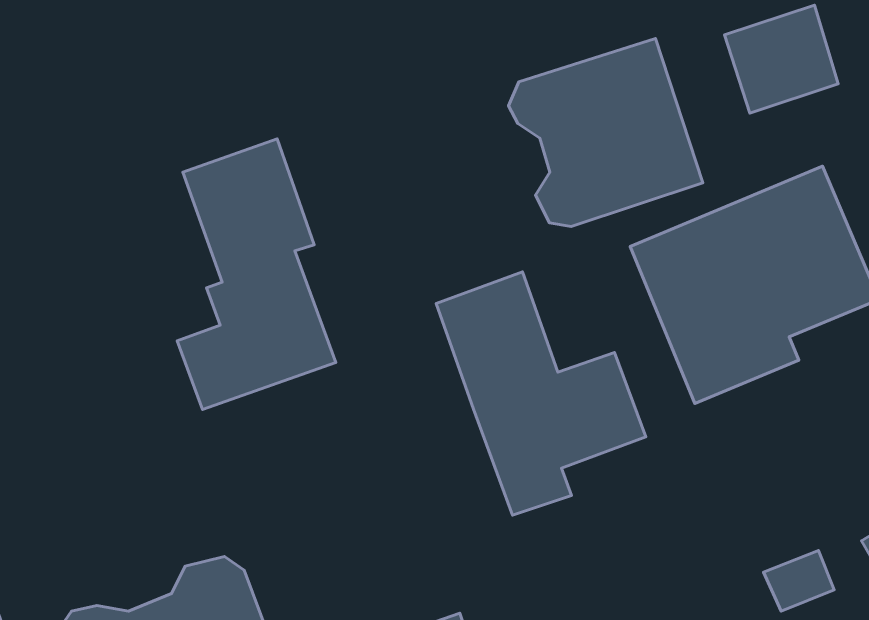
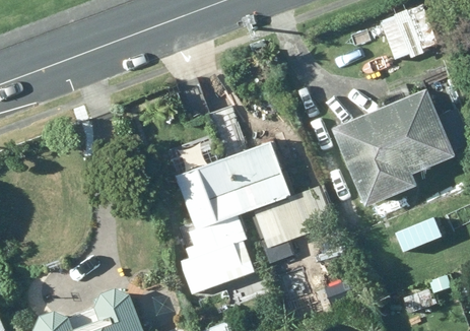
building: [509,39,703,226] -> none
building: [177,139,336,410] -> [177,157,259,297]

